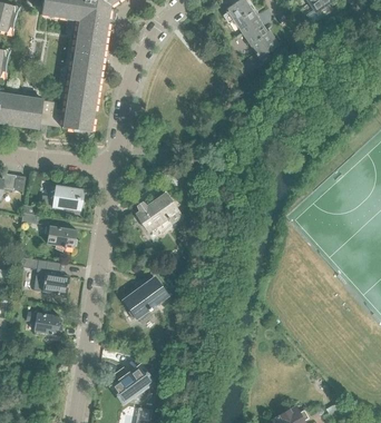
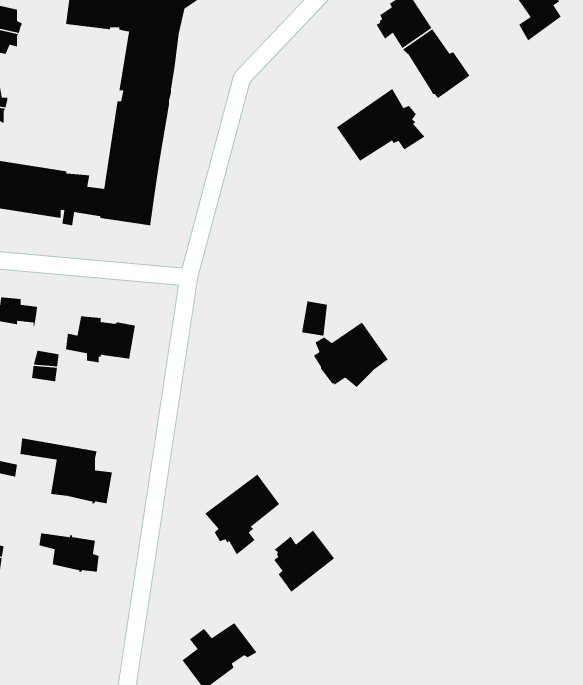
building: none -> [336,88,425,162]
building: [136,194,180,233] -> [313,321,389,388]
building: [45,226,77,252] -> none
building: none -> [273,530,335,593]

